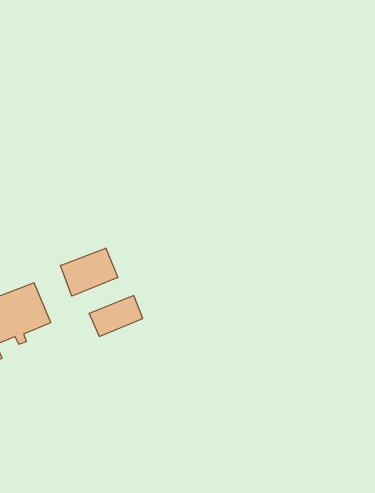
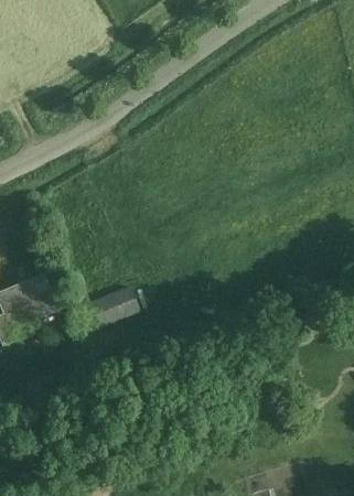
building: [61,248,118,296] -> none

